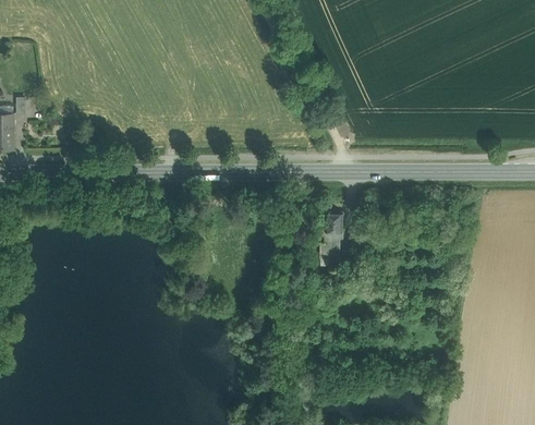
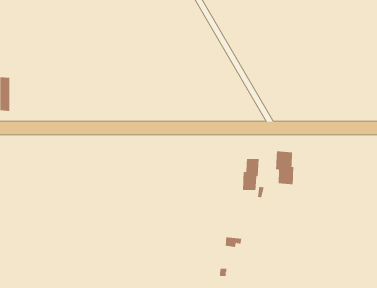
building: none -> [276,150,294,185]

